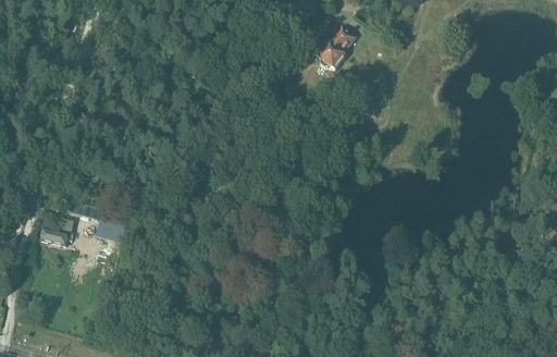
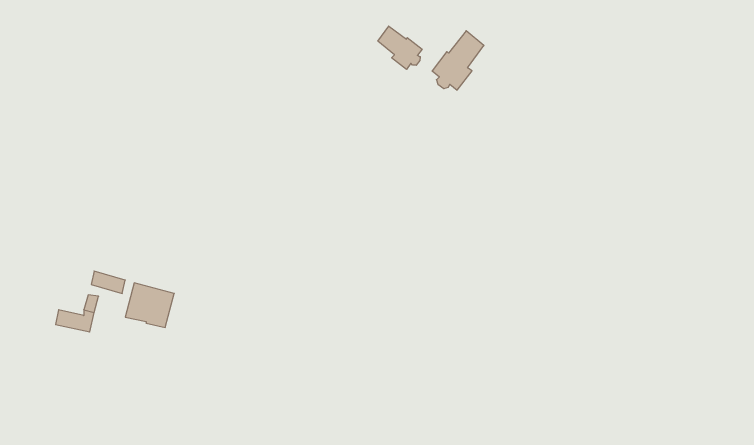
building: none -> [378,26,422,69]

